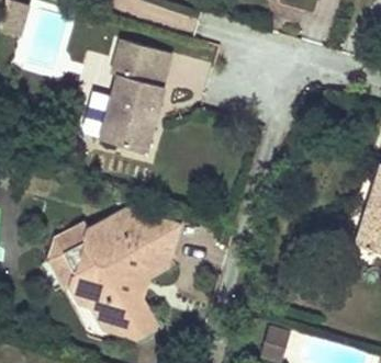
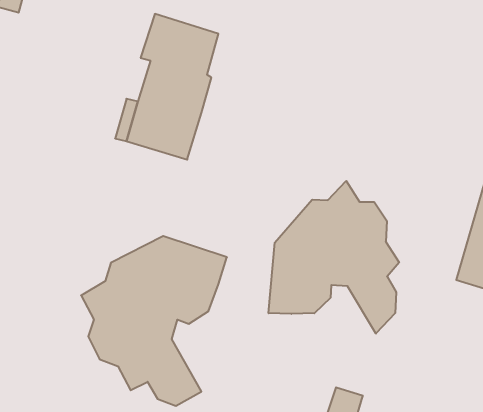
building: none -> [269,181,399,334]
building: [49,225,88,307] -> none

